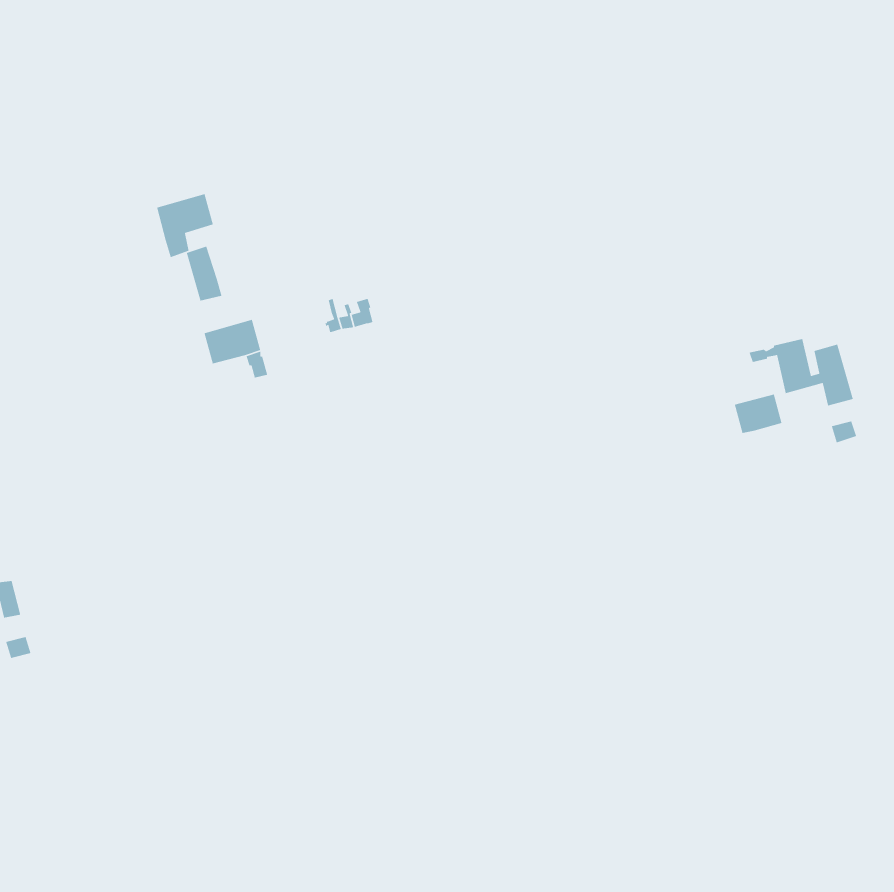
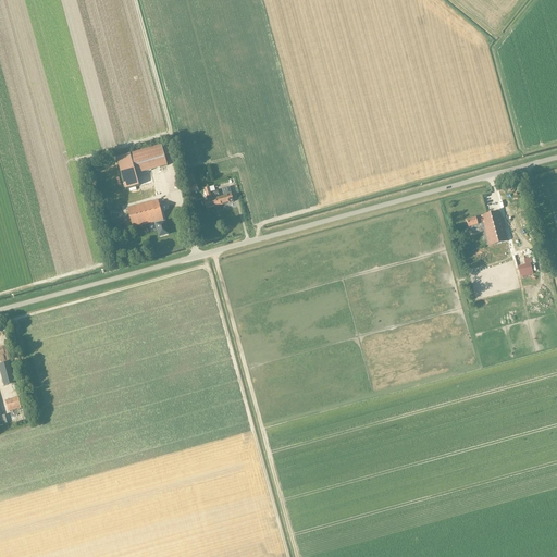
building: [156,193,214,258] -> [129,144,165,184]
building: [734,394,782,434] -> none

